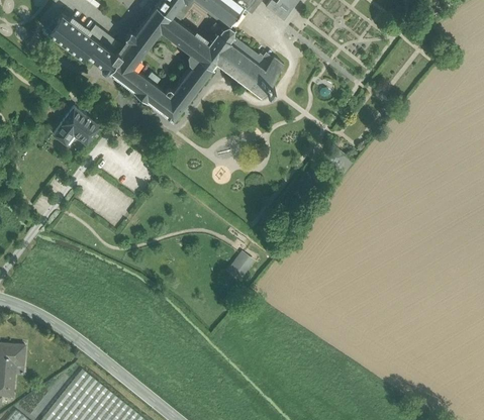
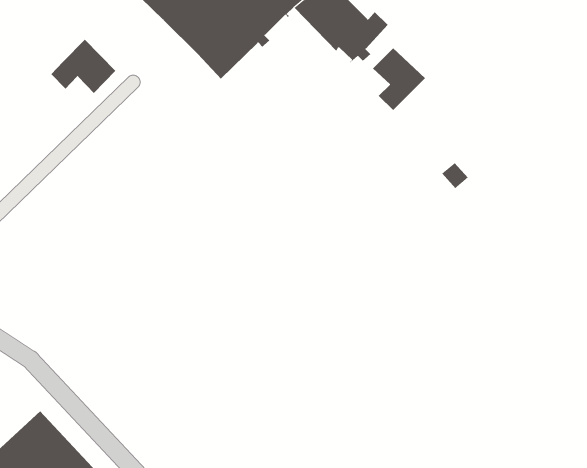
building: none -> [372,47,426,111]
building: [227,253,255,283] -> none

